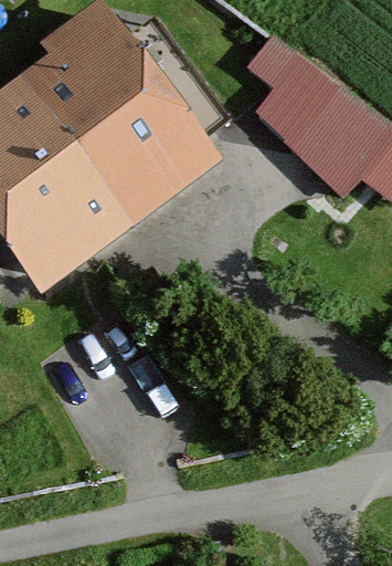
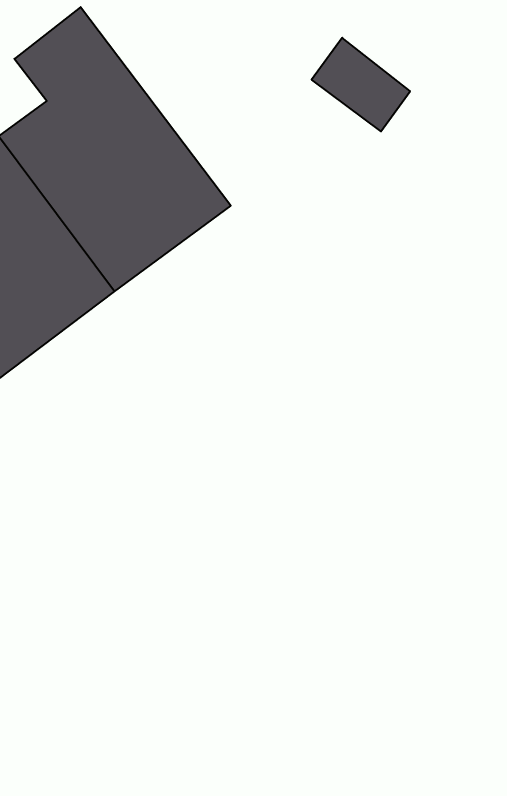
building: [290,90,380,195] -> none

